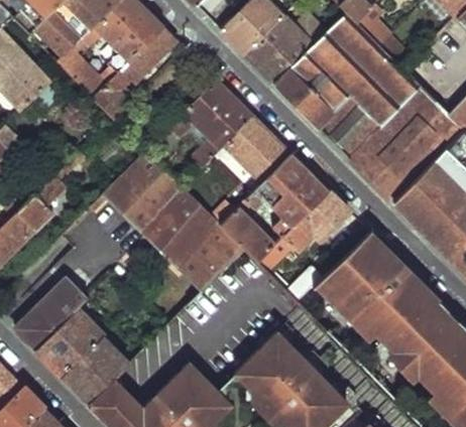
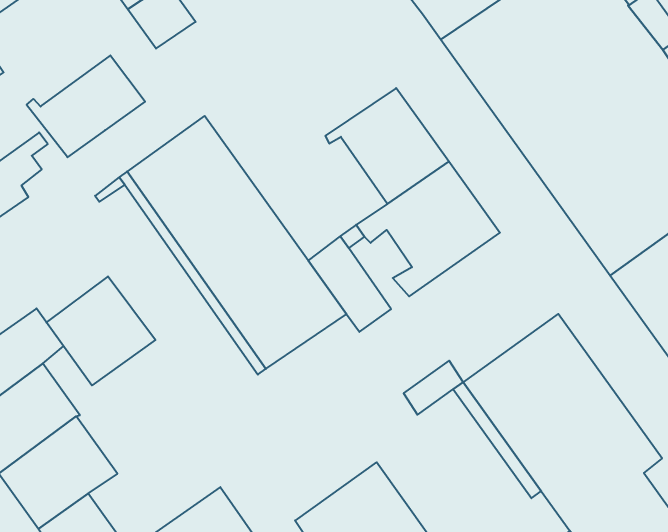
building: [162,79,254,166] -> none
building: none -> [27,55,145,157]
building: [256,189,348,272] -> none
building: none -> [46,276,155,385]

